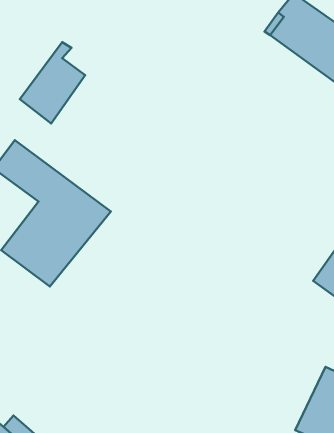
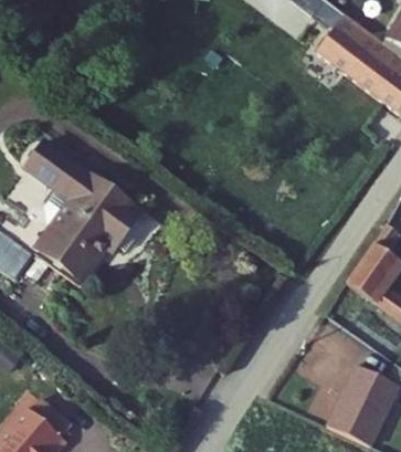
building: [20,42,85,123] -> none

